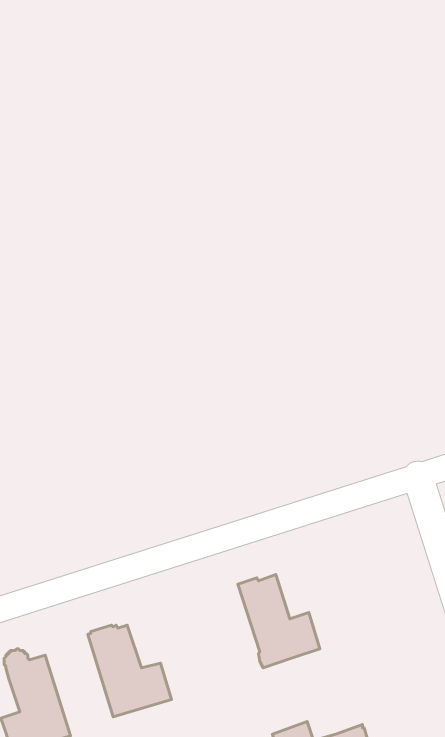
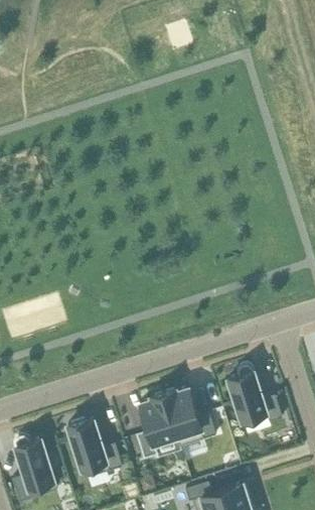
building: none -> [227,363,282,420]
building: none -> [137,392,177,457]

